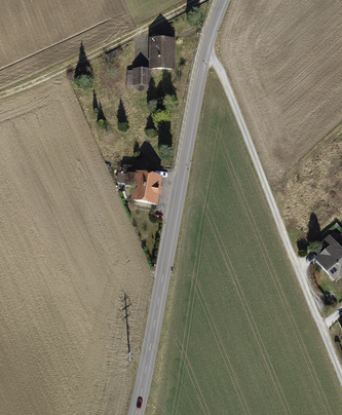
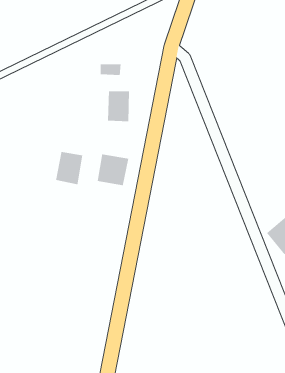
building: [151,36,176,70] -> [107,91,130,122]
building: none -> [56,151,83,185]

